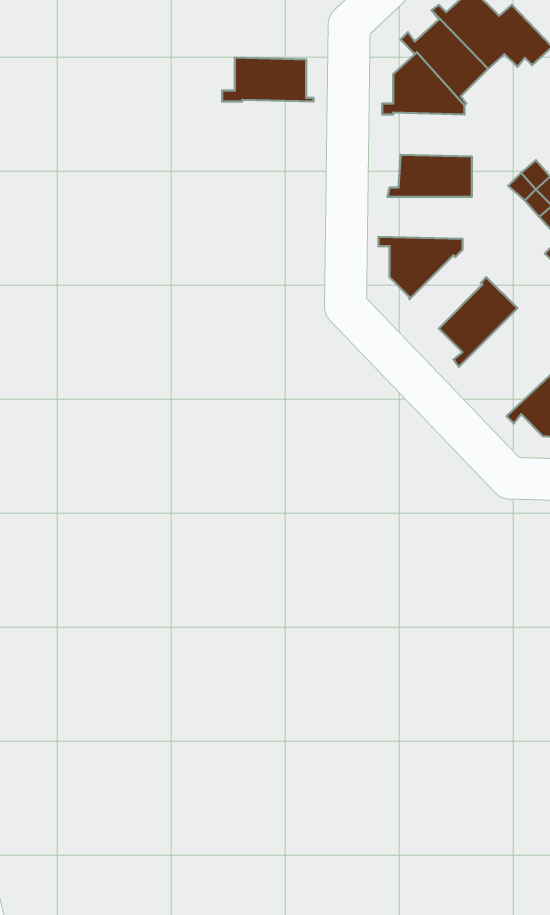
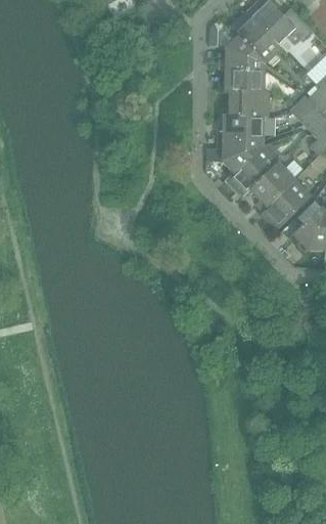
building: [222,58,313,102] -> [218,67,269,91]
building: none -> [217,114,269,137]
building: none -> [230,146,275,195]
building: none -> [262,176,308,229]

